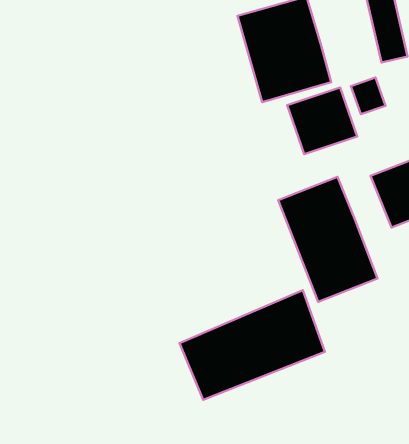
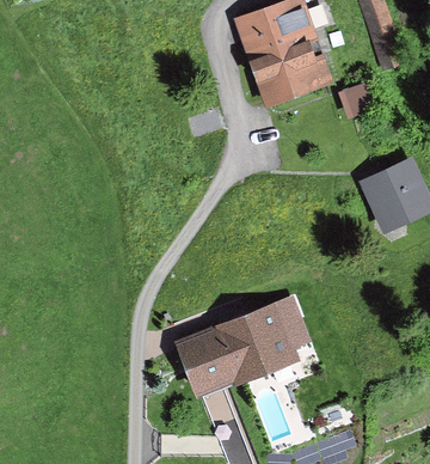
building: [287,87,357,154] -> none
building: [278,177,377,302] -> none

